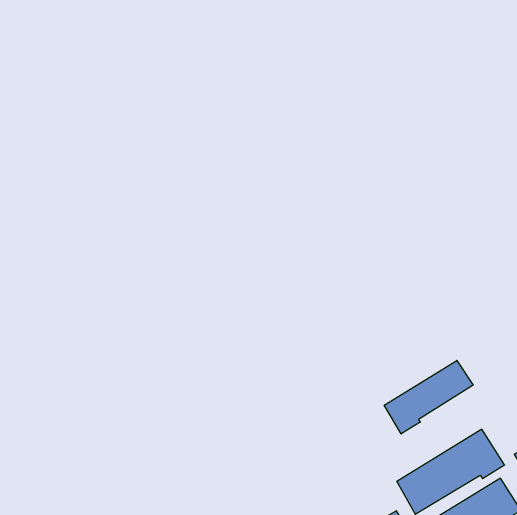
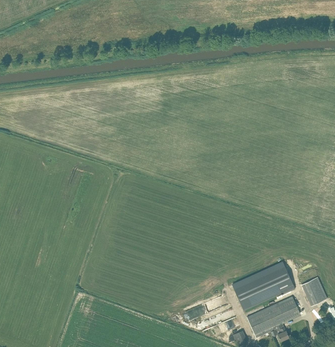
building: [384,360,473,434] -> none

